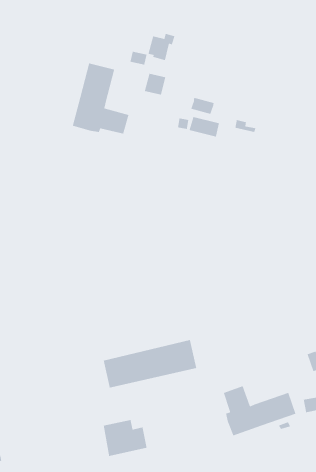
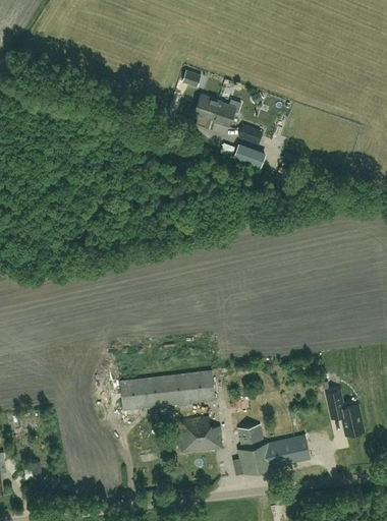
building: [148,33,176,61] -> [210,100,240,128]
building: [72,62,129,135] -> none
building: [103,419,148,457] -> [178,416,221,452]

